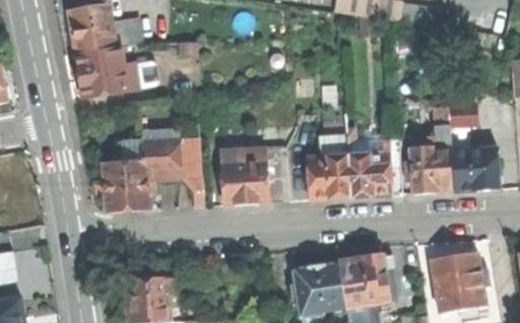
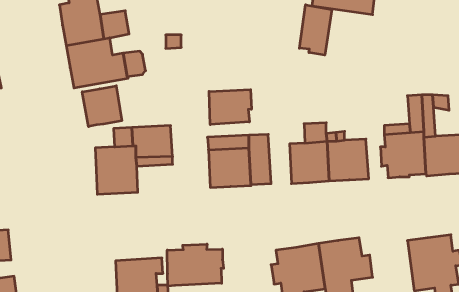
building: none -> [299,5,332,55]
building: none -> [82,86,122,127]
building: none -> [209,90,251,125]
building: none -> [167,244,224,286]

